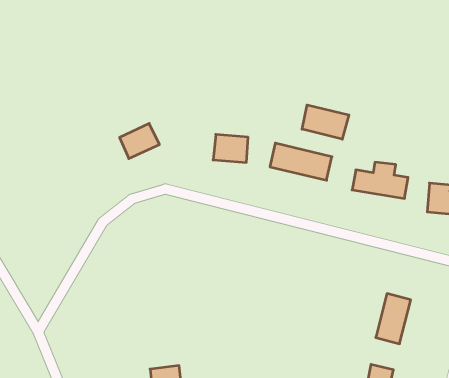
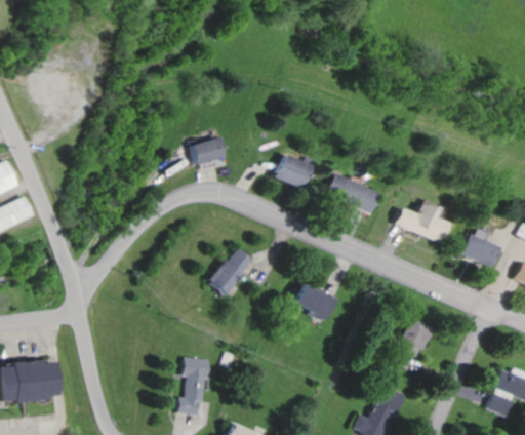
building: [302,105,349,139] -> none
building: none -> [210,246,255,294]
building: none -> [292,283,340,320]

